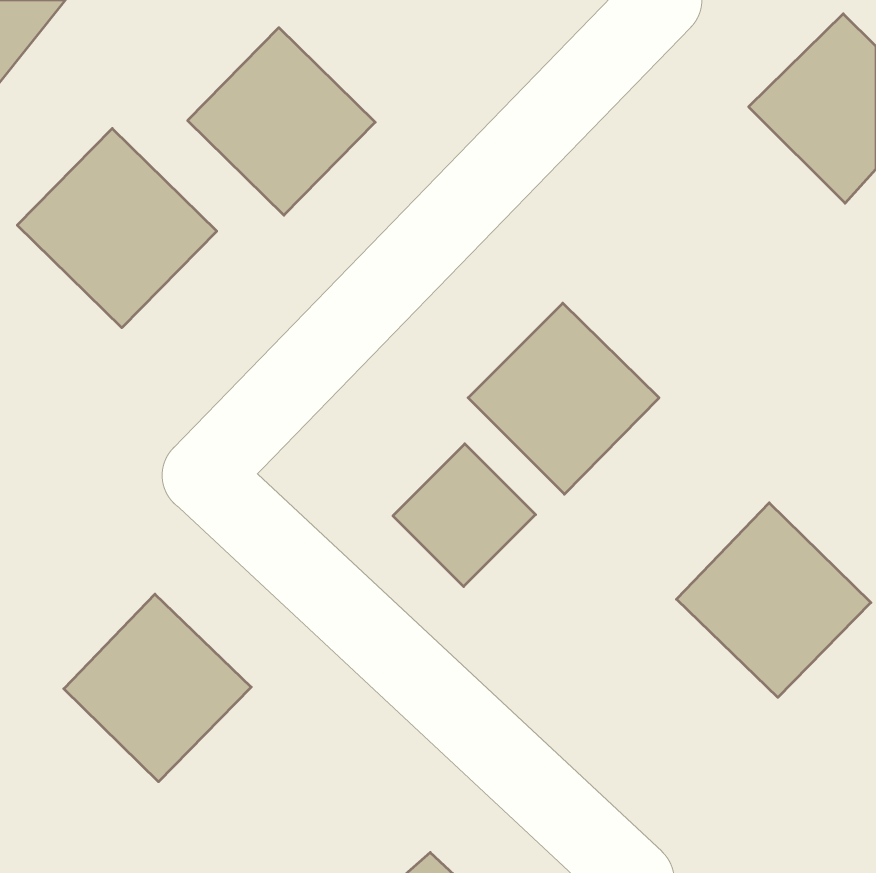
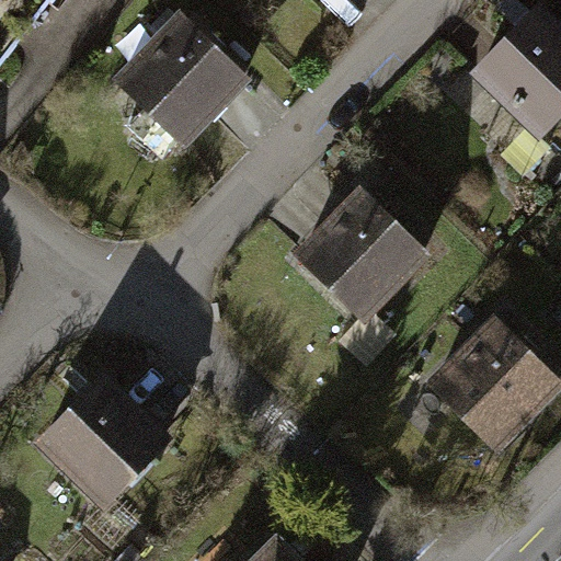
building: [17,128,217,328] -> none
building: [393,444,536,587] -> none

